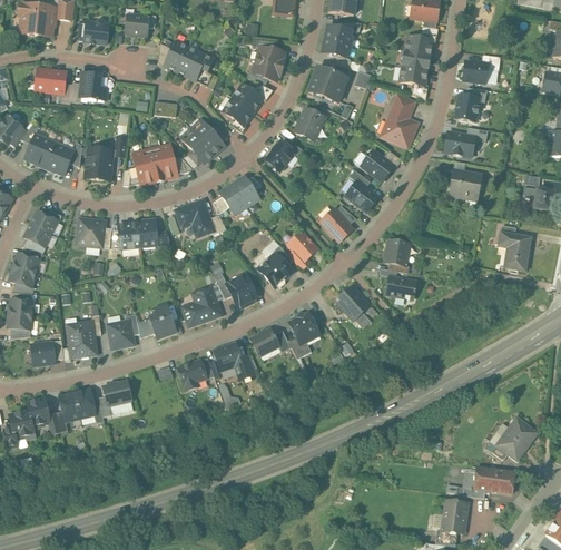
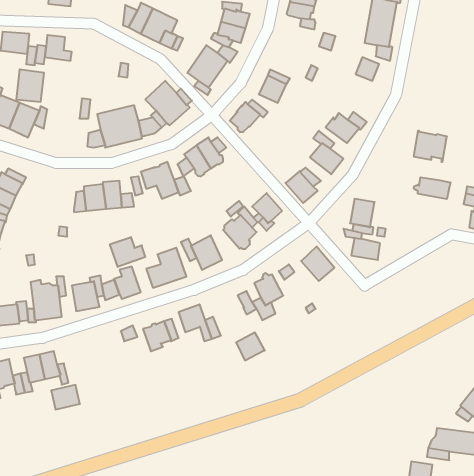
building: [463,58,490,84] -> none
building: [308,66,346,102] -> none
building: [453,94,481,122] -> none
building: [381,111,417,147] -> none
building: [443,130,476,158] -> none
building: [85,147,112,179] -> [16,69,44,102]
building: none -> [414,177,451,199]
building: [76,217,106,246] -> none
building: none -> [110,237,145,267]
building: [250,327,279,355] -> [236,333,265,360]
building: [102,380,131,404] -> [51,385,80,409]

